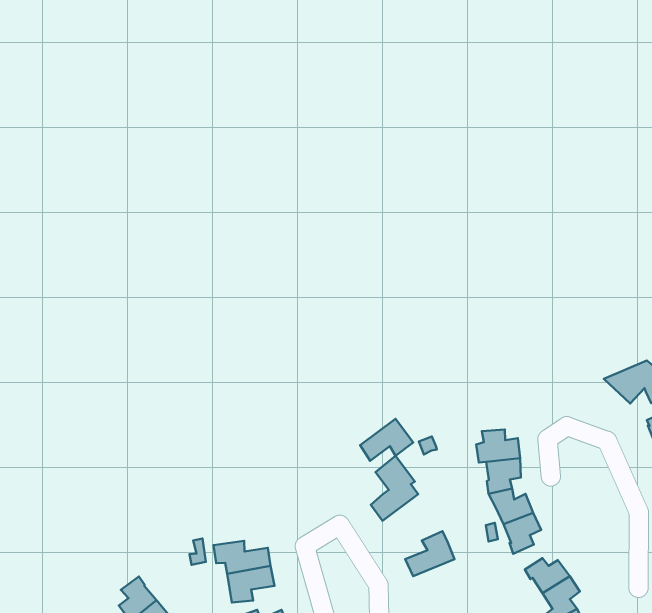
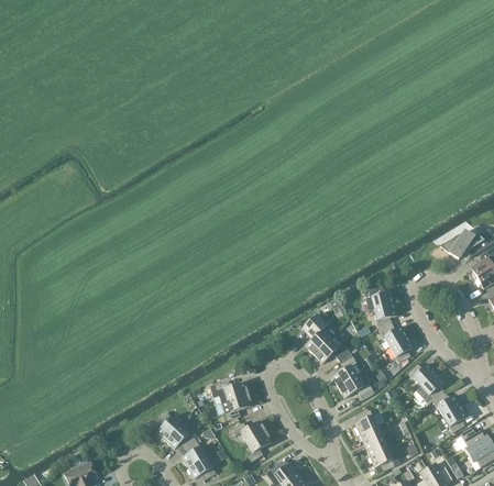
building: [360,419,413,461] -> [315,334,348,363]
building: none -> [339,372,373,397]

